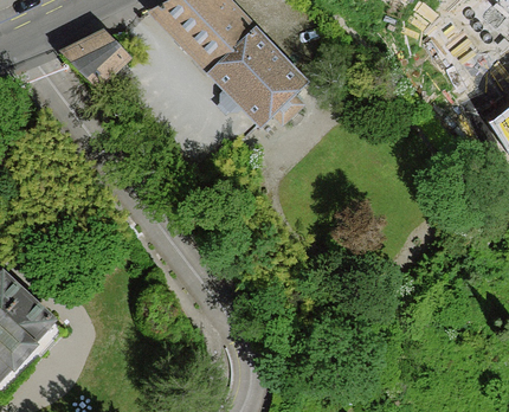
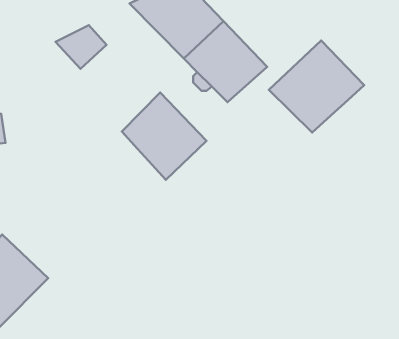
building: none -> [269,40,364,133]
building: none -> [122,92,206,180]

